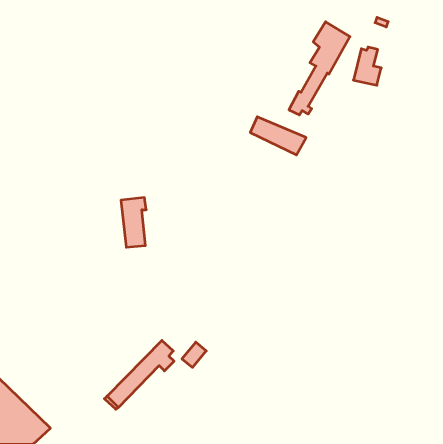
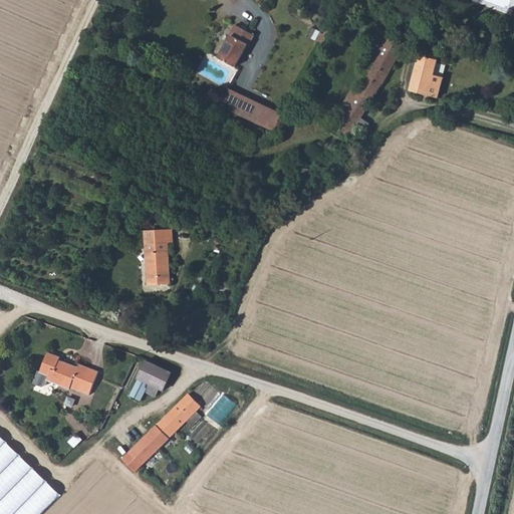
building: none -> [215,28,252,71]
building: [250,117,306,155] -> [218,88,282,133]
building: none -> [33,355,99,395]
building: none -> [130,359,171,399]

